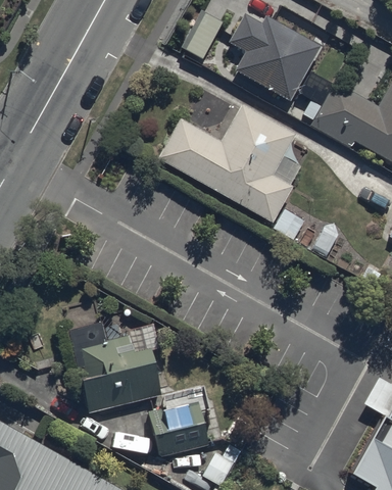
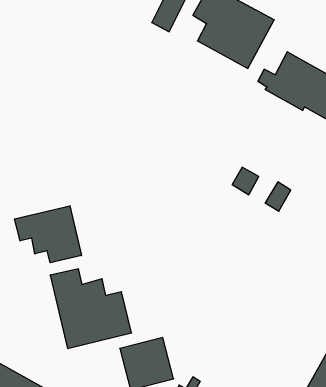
building: [157,105,300,223] -> none
building: none -> [15,206,81,263]

